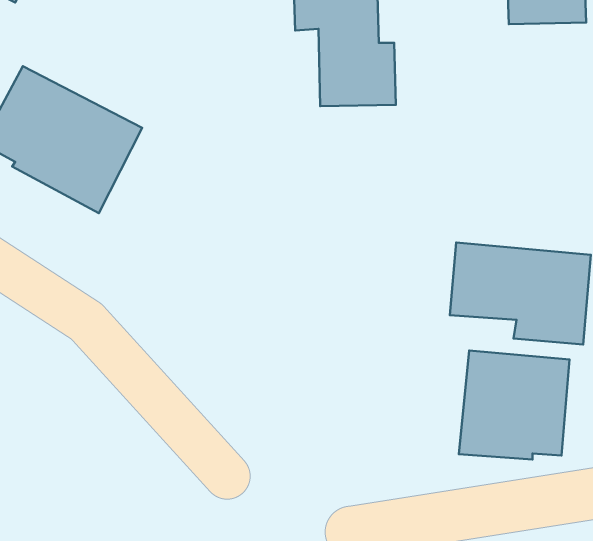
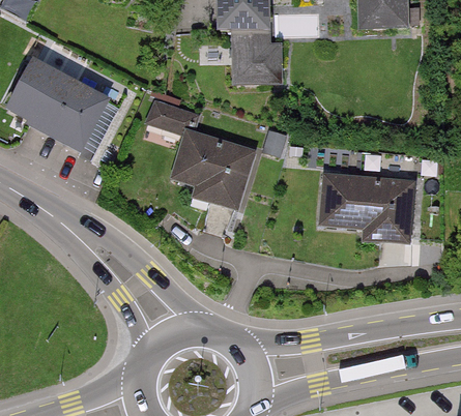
building: none -> [146,96,258,210]
building: [459,350,569,460] -> none

